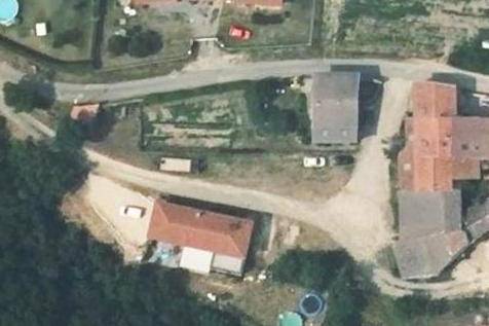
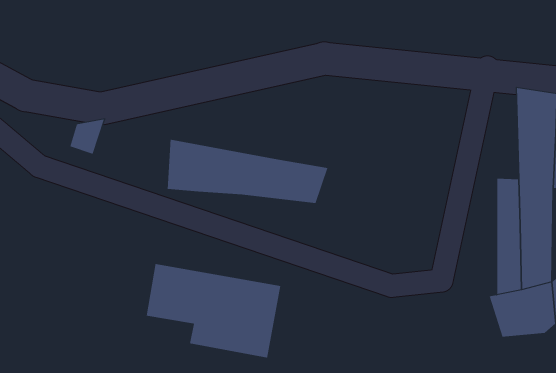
building: [321,67,362,133] -> none
building: none -> [167,139,328,204]

